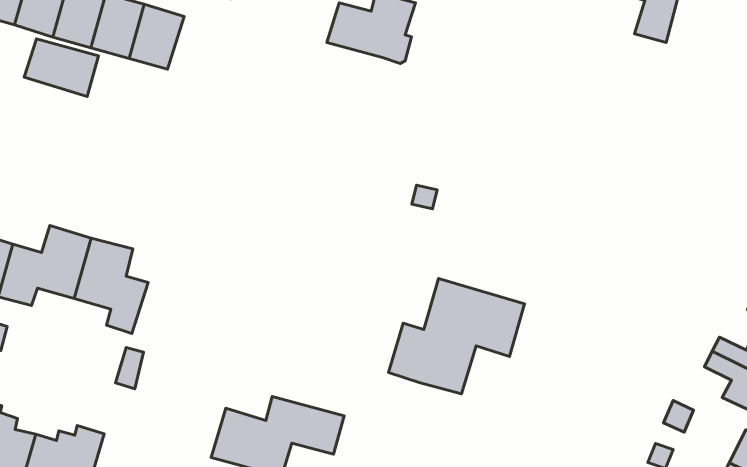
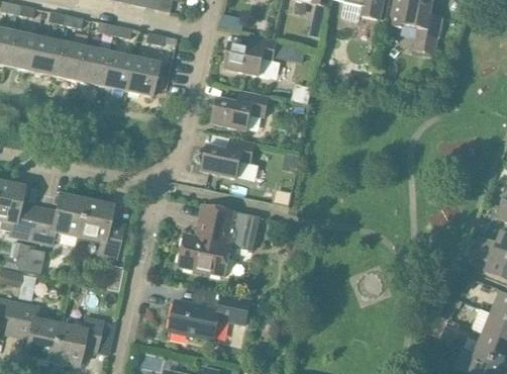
building: none -> [125,58,158,97]
building: [24,39,98,97] -> none
building: none -> [211,90,270,130]
building: none -> [201,137,255,178]
building: [388,278,525,394] -> [178,204,260,275]

